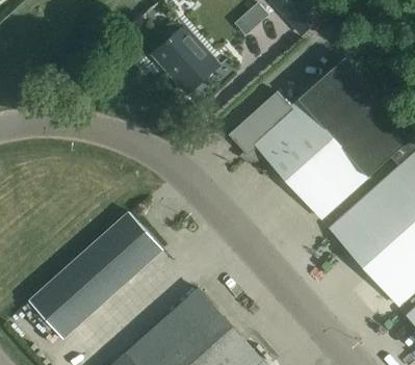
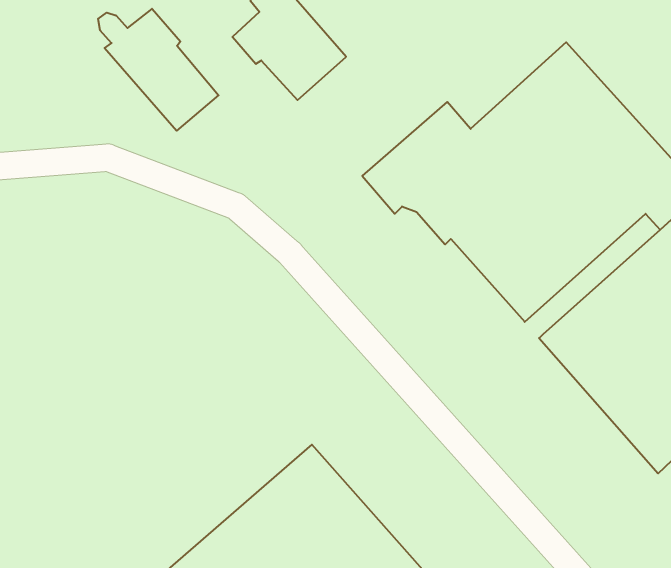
building: none -> [98,9,219,131]
building: [28,212,162,338] -> none

